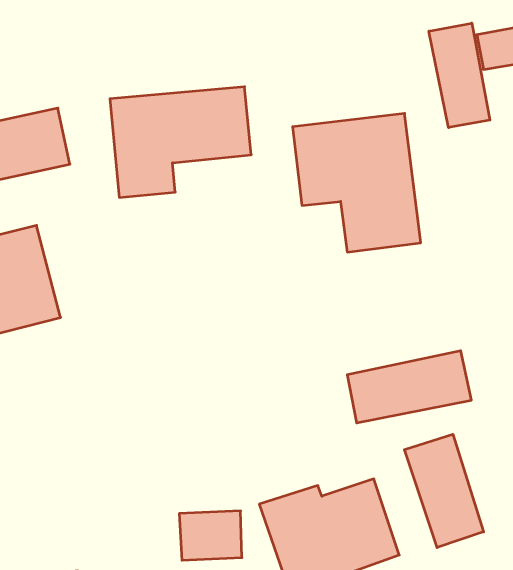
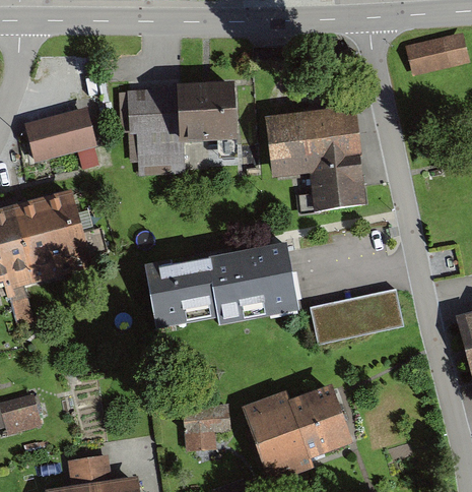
building: [429,23,490,128] -> none
building: none -> [144,244,297,330]
building: [404,434,484,548] -> none

